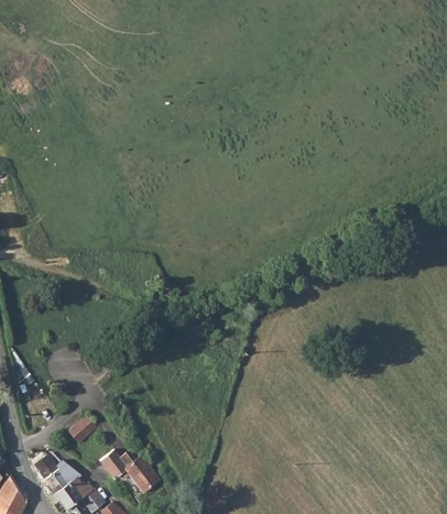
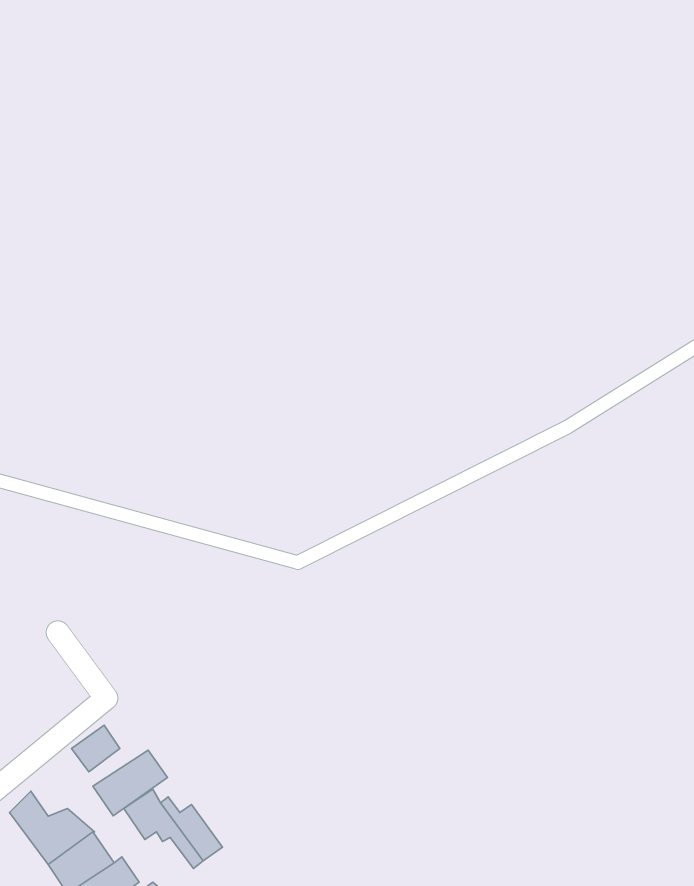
building: none -> [93,750,168,816]

